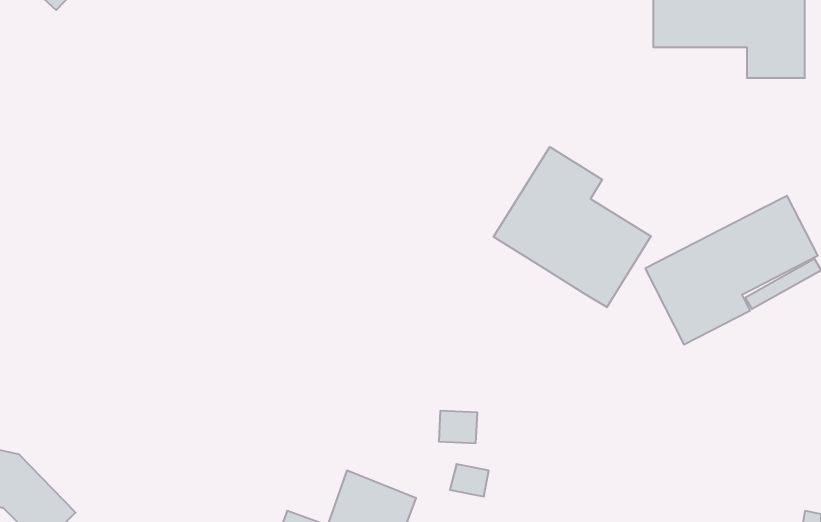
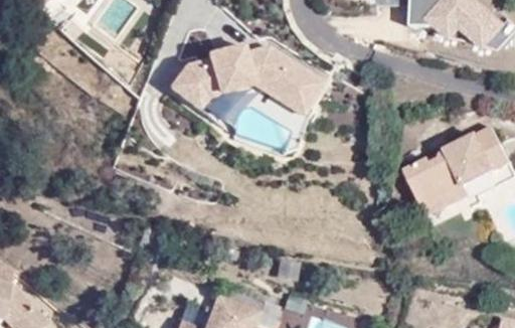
building: none -> [168,43,323,128]
building: [494,147,651,307] -> none

